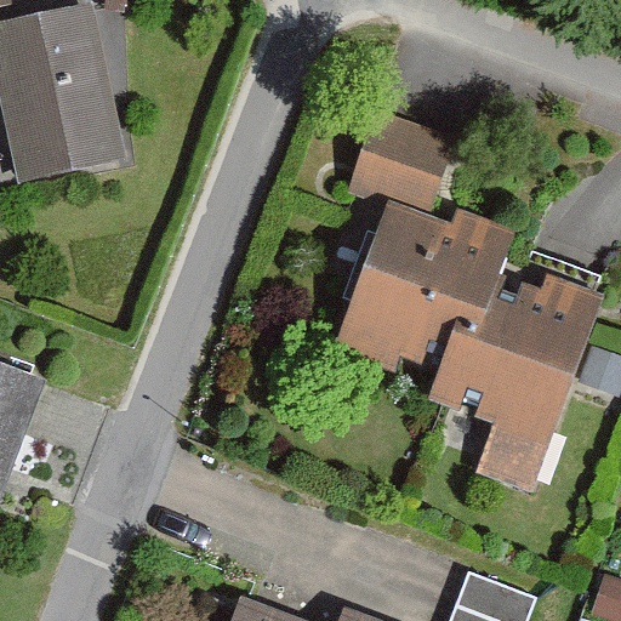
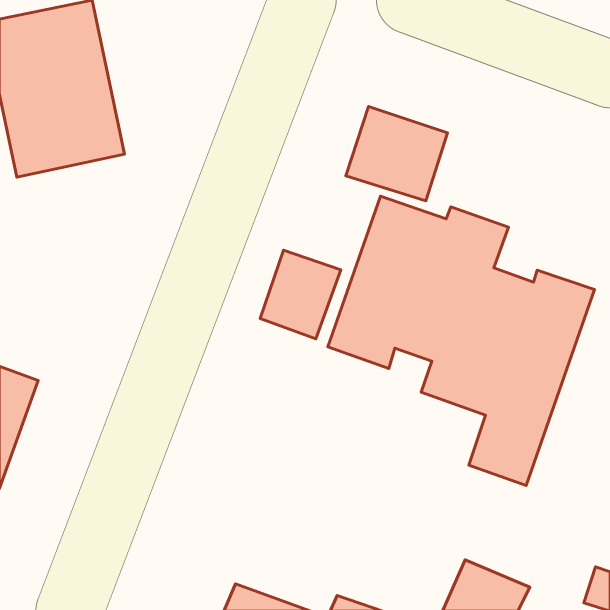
building: none -> [260,250,341,339]

